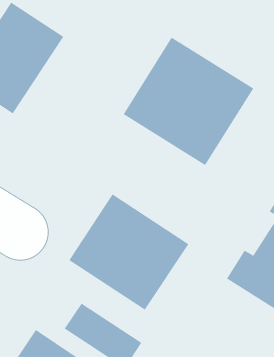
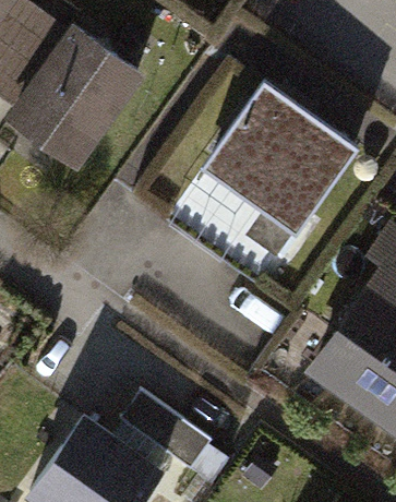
building: [68,194,189,311] -> none

